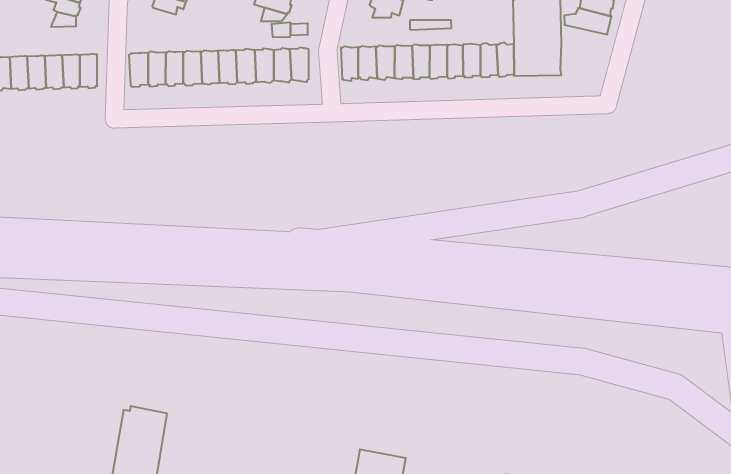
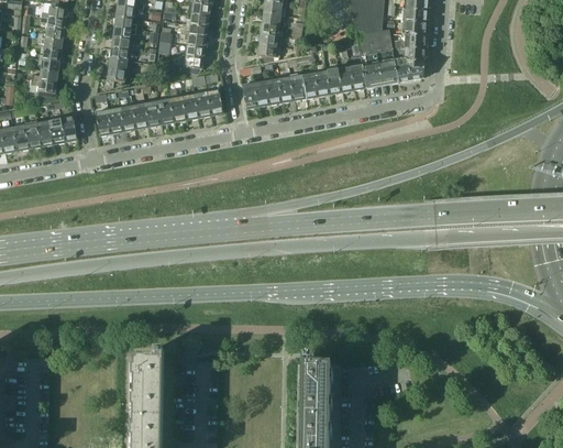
building: none -> [395,45,426,80]

